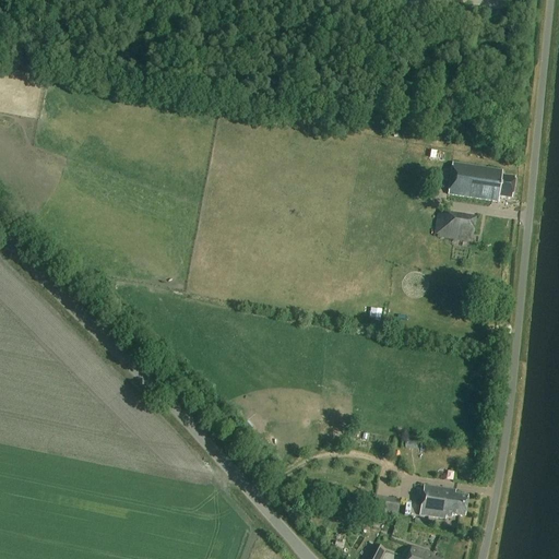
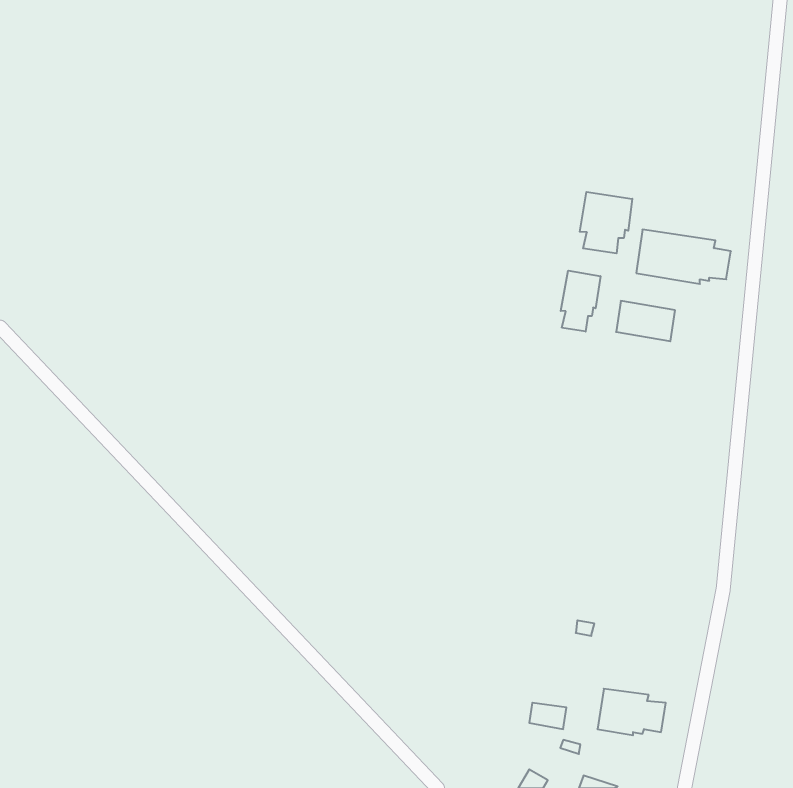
building: none -> [580,192,632,253]
building: none -> [561,271,600,332]

